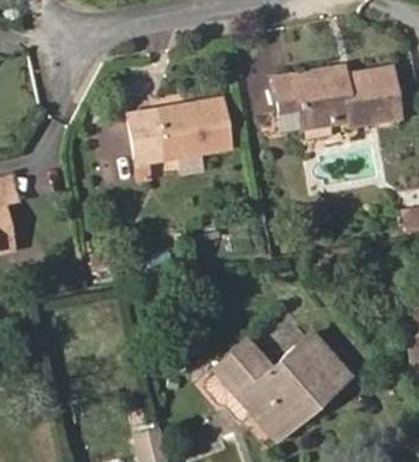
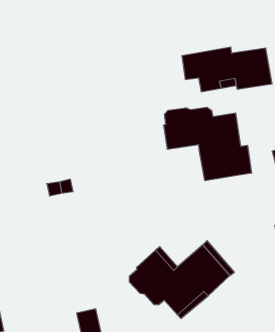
building: [130,98,231,162] -> none
building: none -> [164,107,252,181]

